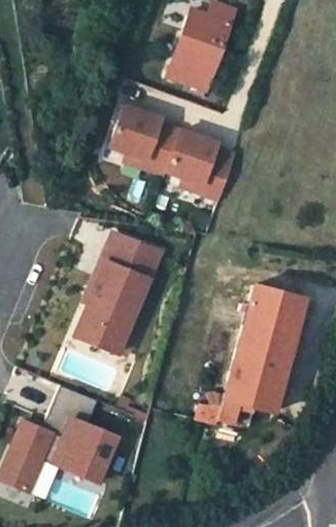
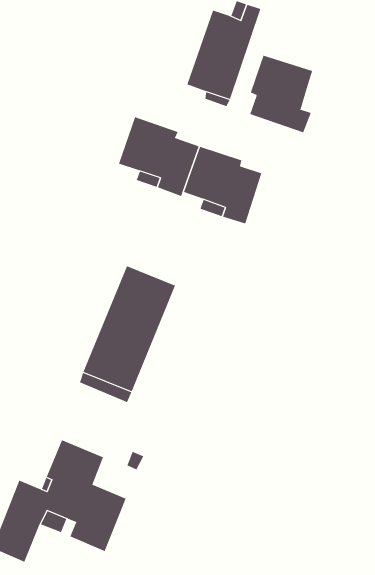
building: none -> [250,55,313,133]
building: [195,286,302,428] -> none

